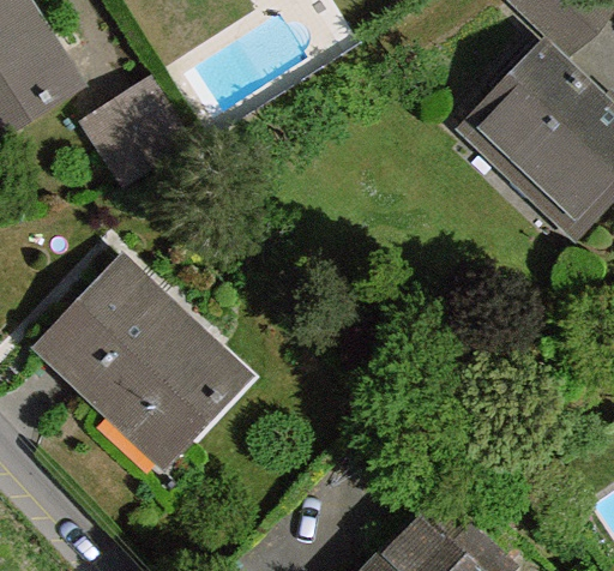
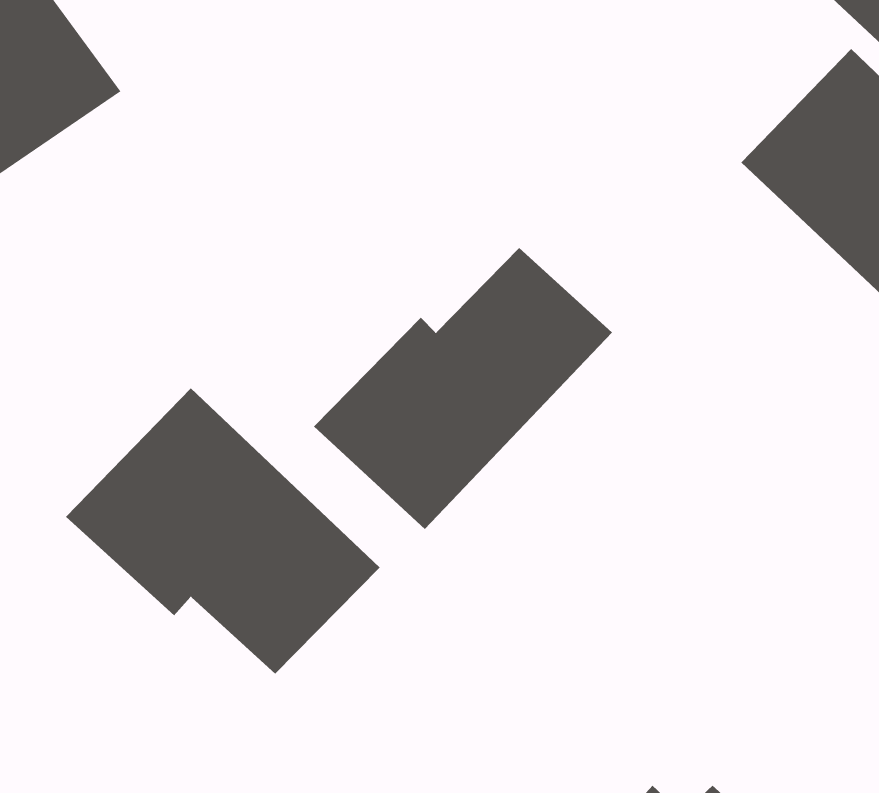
building: [86,82,191,185] -> none
building: none -> [313,247,613,530]

